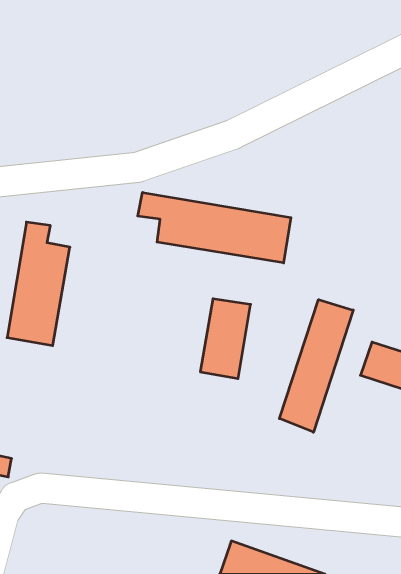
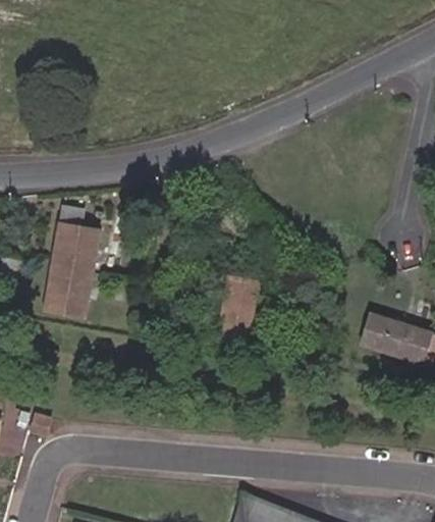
building: [138,192,291,263] -> none
building: [279,300,353,432] -> none

